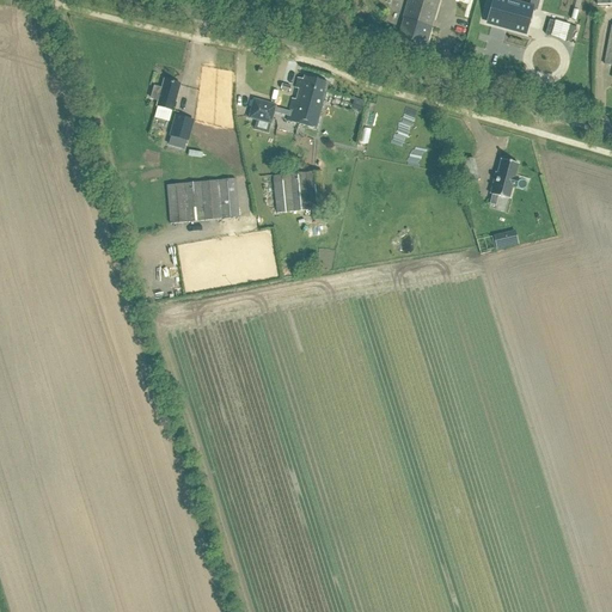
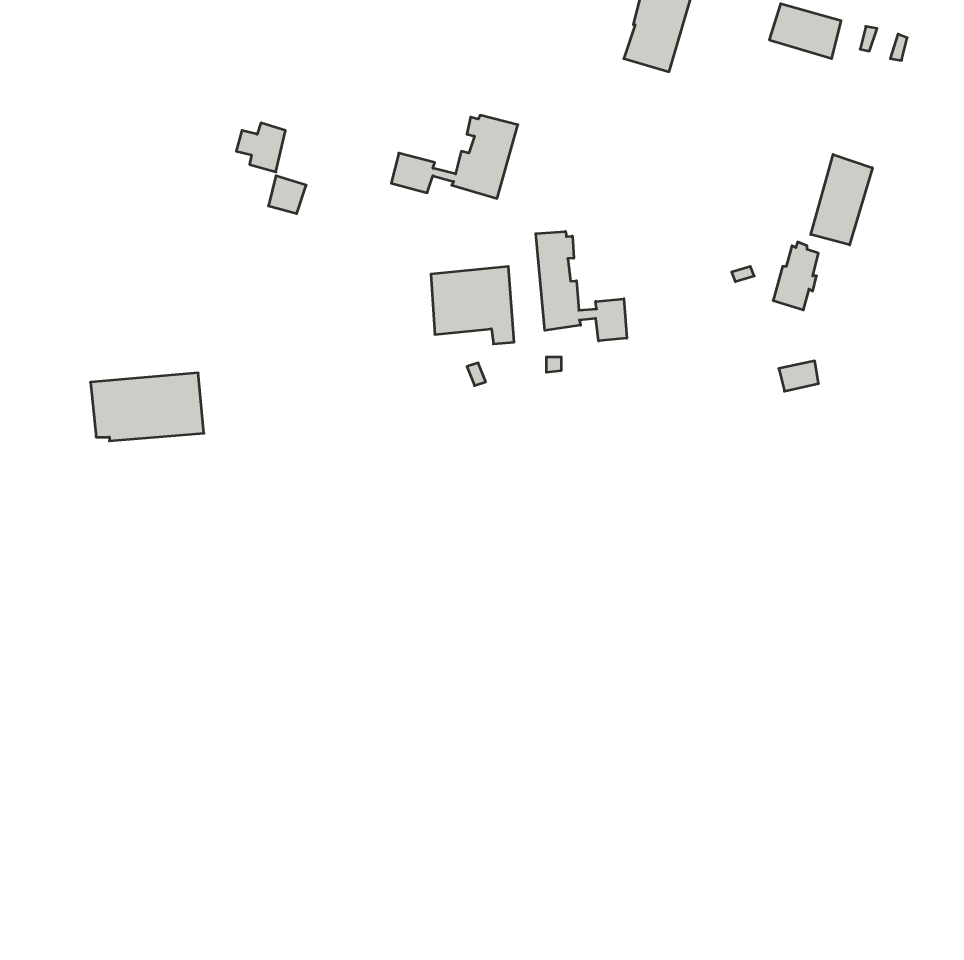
building: none -> [811,154,872,245]
building: none -> [536,231,627,341]
building: [166,177,238,220] -> [90,373,204,441]

